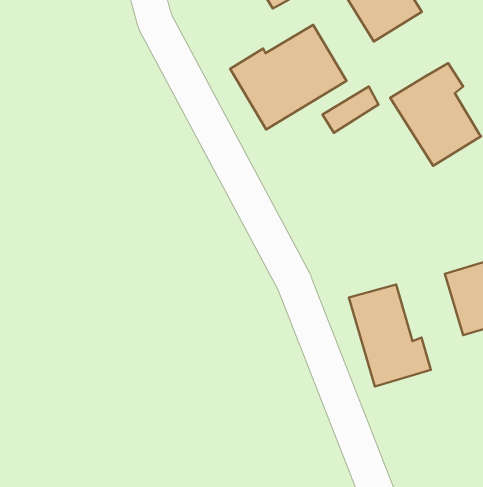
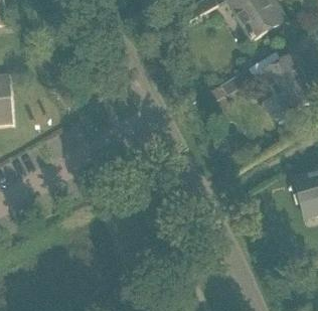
building: [230,25,347,129] -> none
building: [349,284,431,387] -> none

